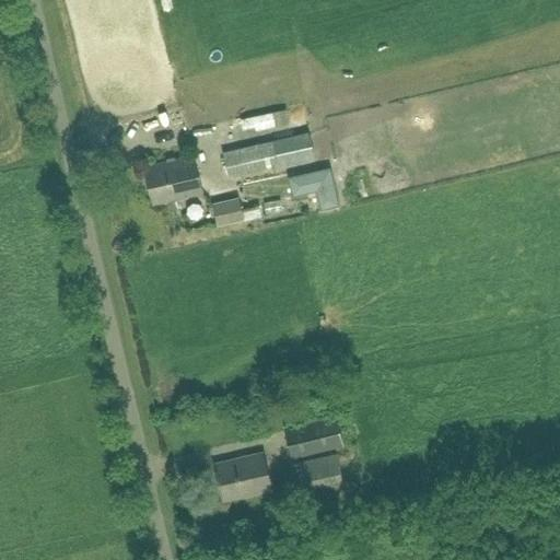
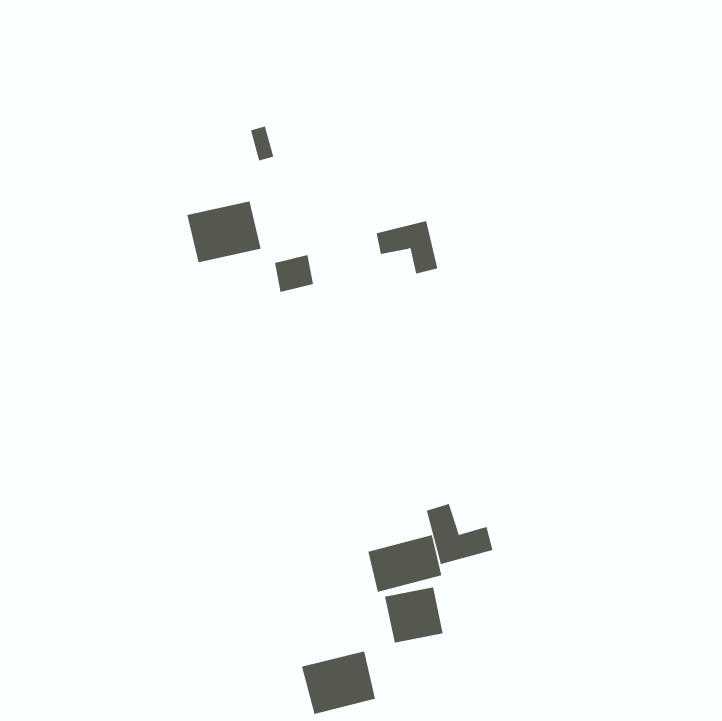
building: [222,132,314,176] -> none
building: none -> [426,503,493,565]
building: [213,453,271,502] -> [301,651,376,714]

